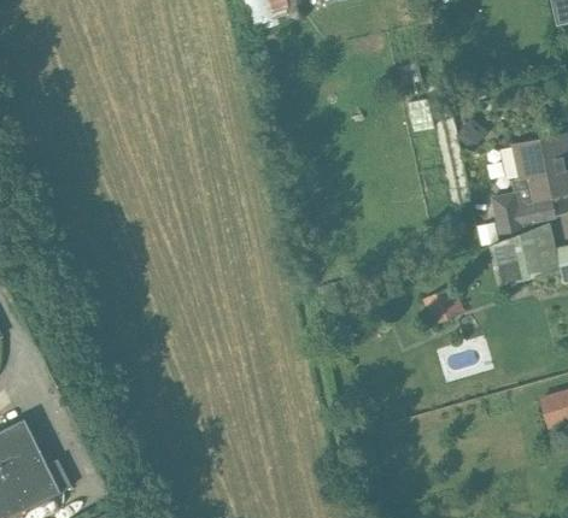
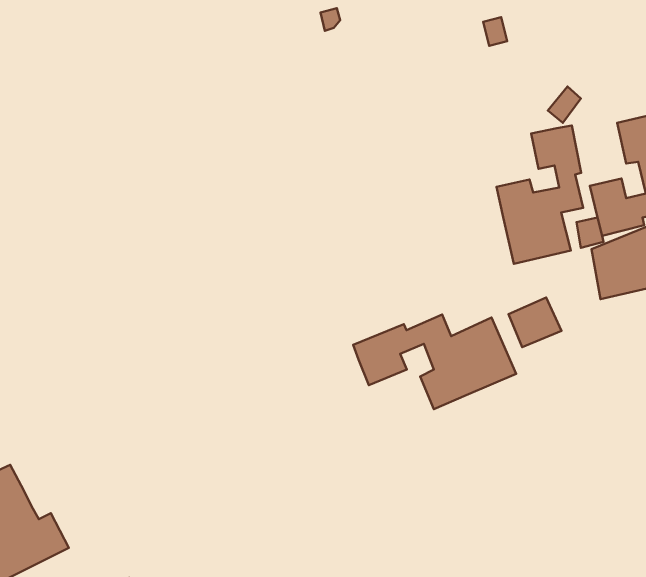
building: none -> [497,125,583,264]
building: none -> [353,314,516,409]

